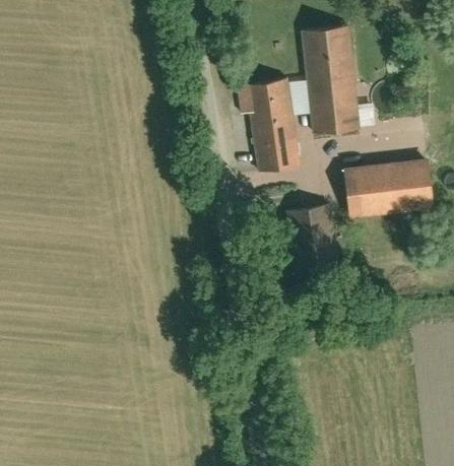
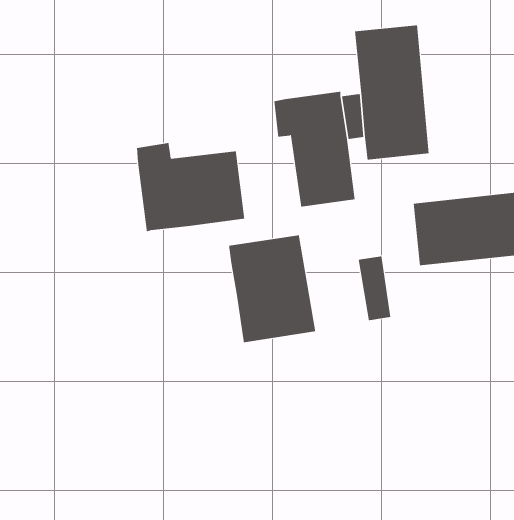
building: none -> [137,142,245,232]
building: none -> [228,234,316,343]

